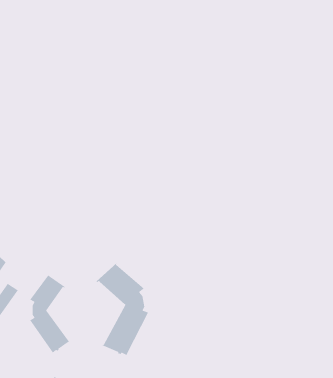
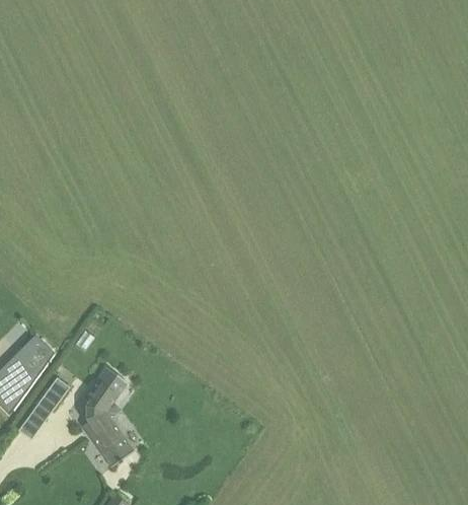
building: [95,262,149,356] -> none

